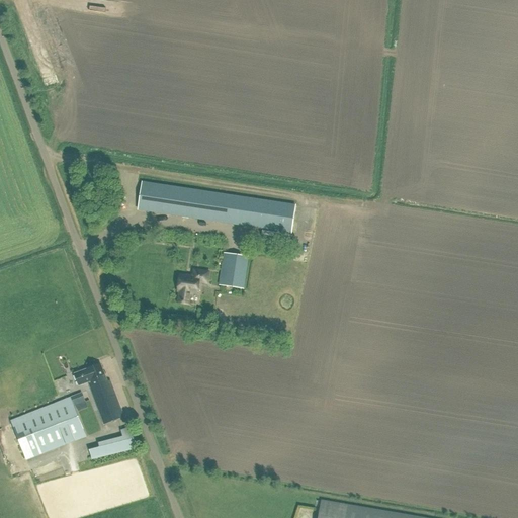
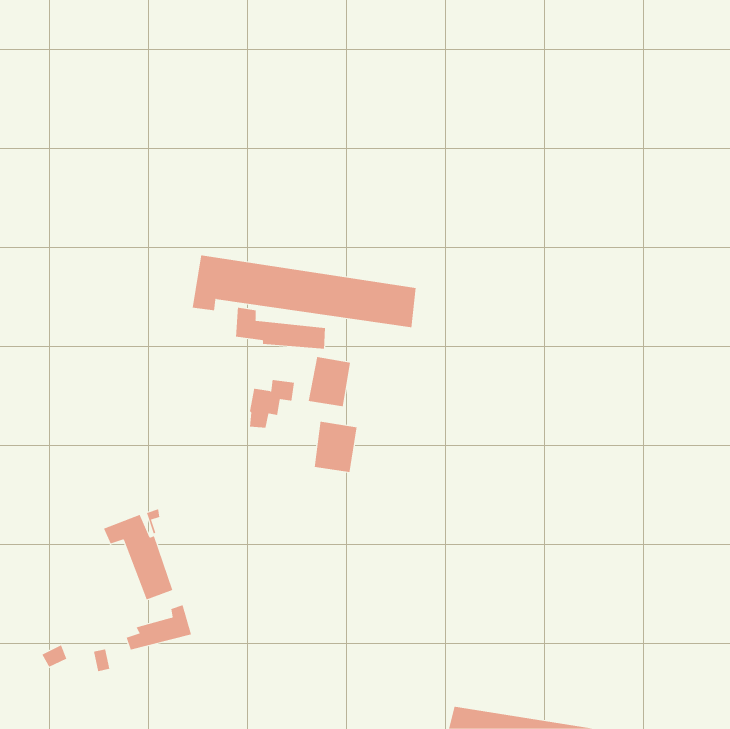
building: none -> [236,307,325,350]
building: none -> [314,421,357,473]
building: [8,390,100,459] -> none

